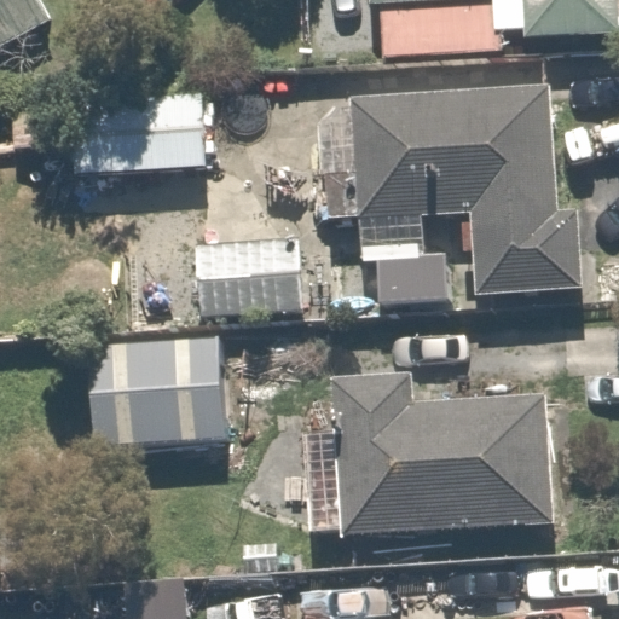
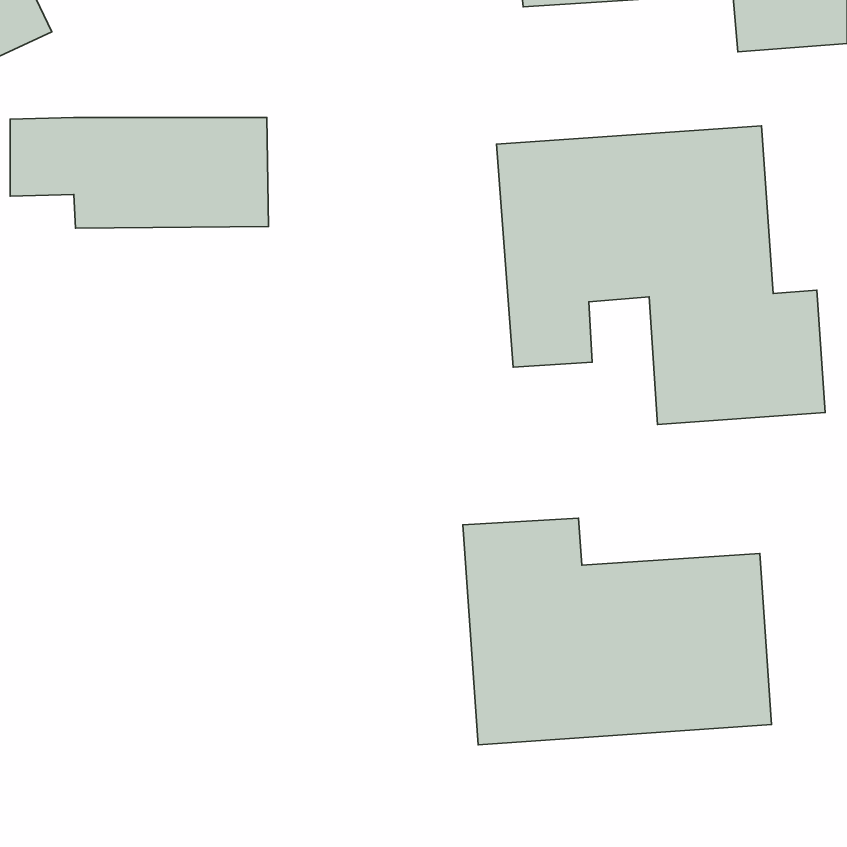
building: [191,225,291,319] -> none
building: [73,329,218,439] -> none

